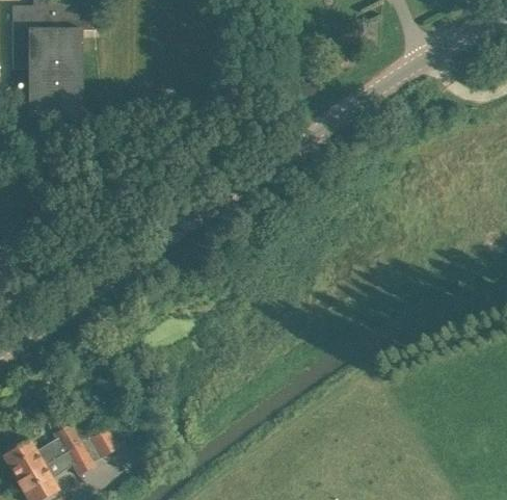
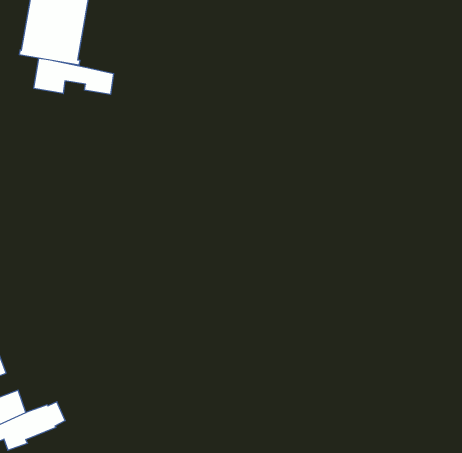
building: none -> [34,58,114,94]

